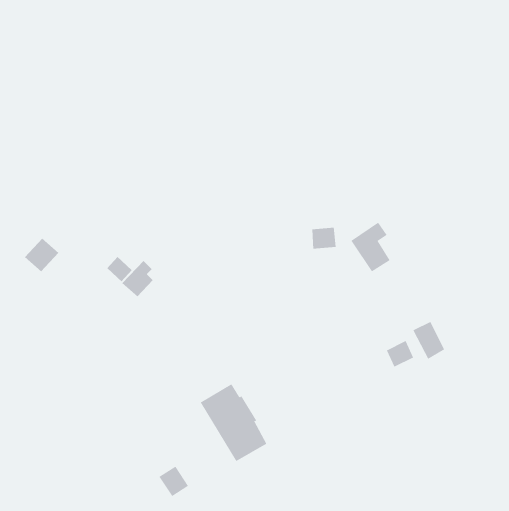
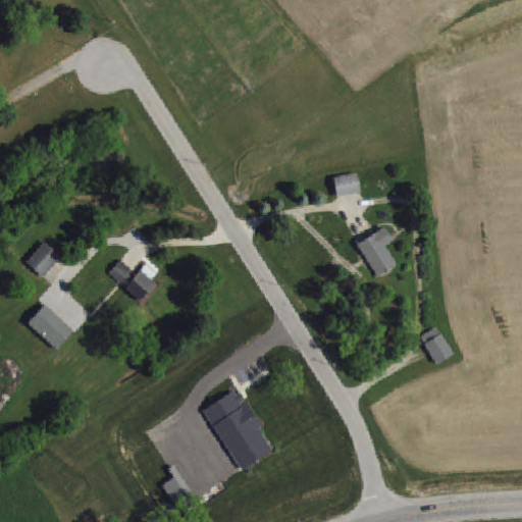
building: [312,227,337,249] -> [333,173,359,196]
building: none -> [27,304,73,350]
building: [386,340,414,368] -> none

